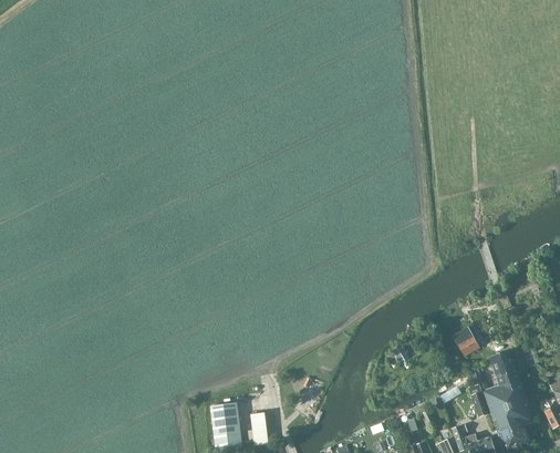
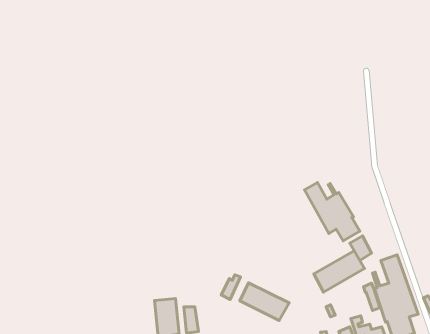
building: none -> [304,182,360,241]
building: none -> [314,251,365,292]
building: none -> [240,283,289,321]

